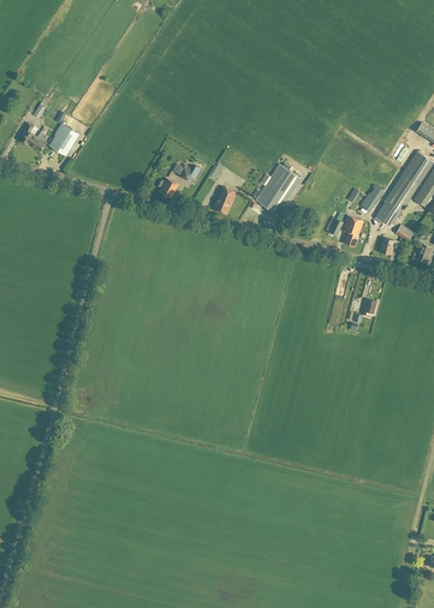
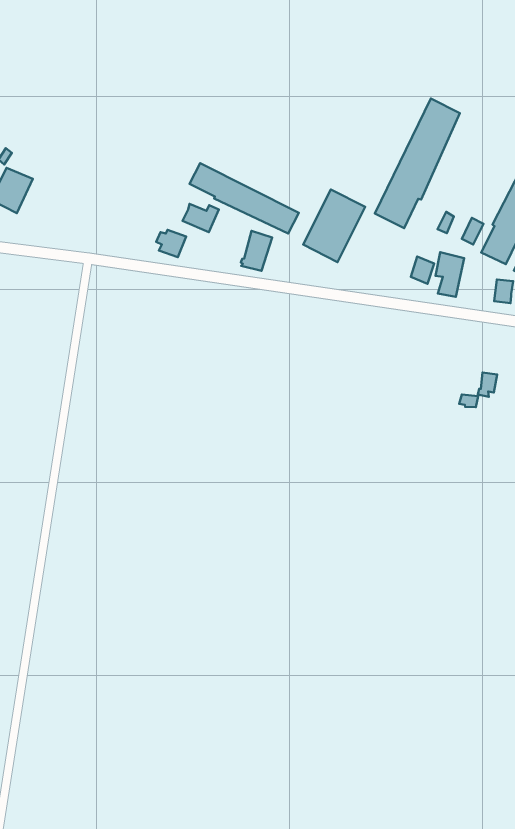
building: none -> [375,98,460,228]
building: none -> [189,163,299,233]

